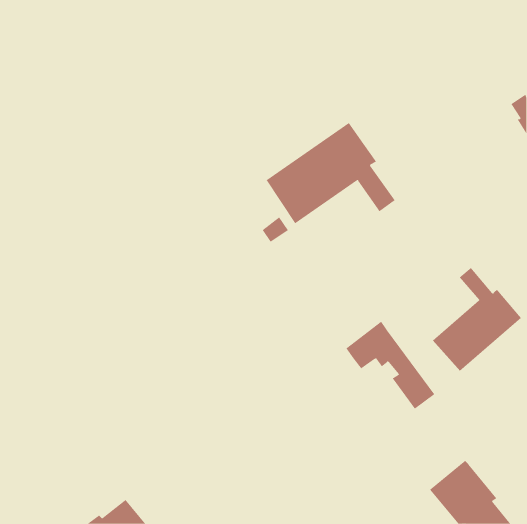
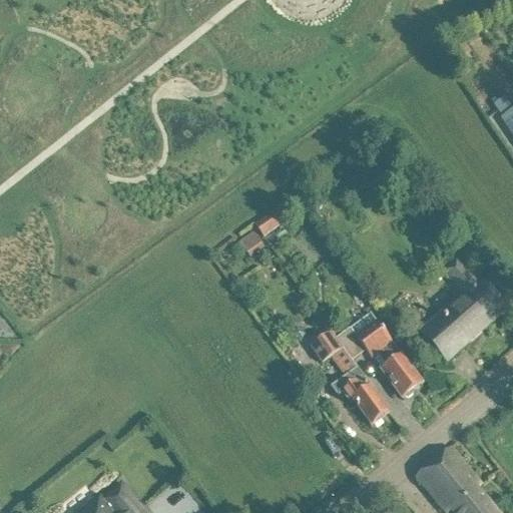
building: [266,122,396,224] -> none
building: none -> [310,332,343,364]
building: none -> [332,368,390,426]

